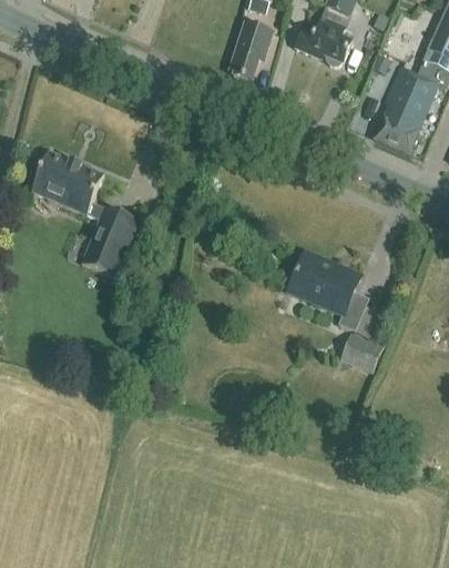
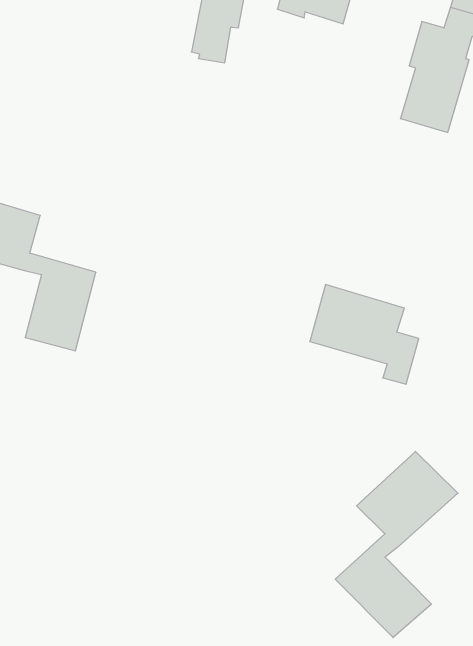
building: [339,333,384,374] -> none
building: none -> [335,451,458,638]

